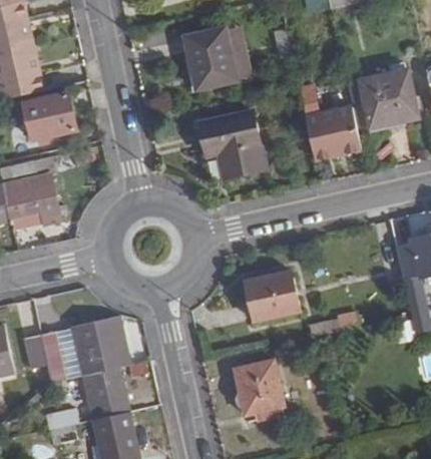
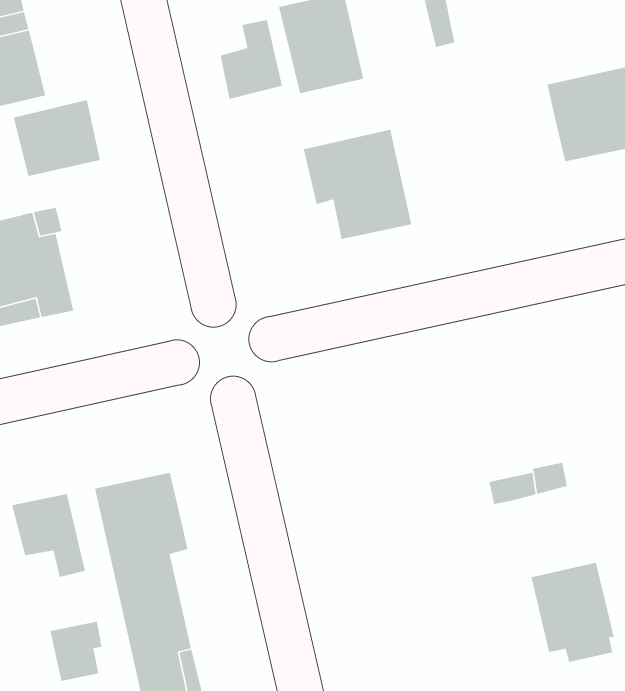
building: none -> [220,19,283,100]
building: [298,83,362,156] -> none
building: [246,272,300,321] -> none
building: [234,361,285,422] -> [530,562,615,663]

